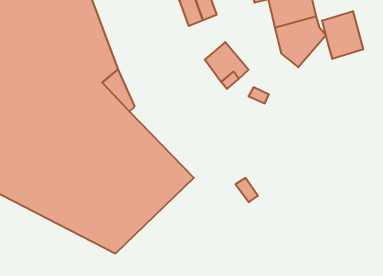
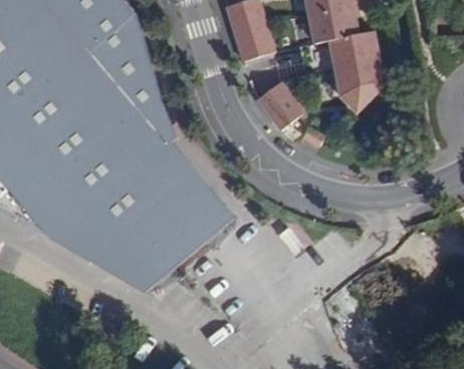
building: [322,11,363,59] -> none

